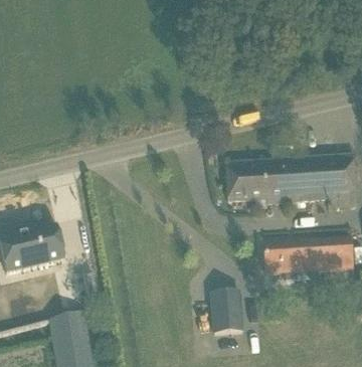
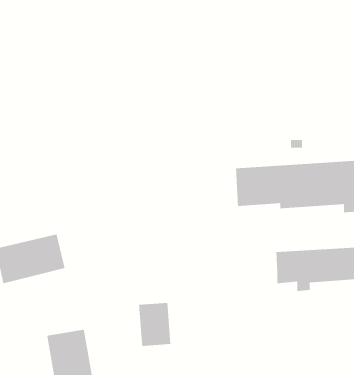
building: [211,290,242,332] -> [138,302,171,347]

